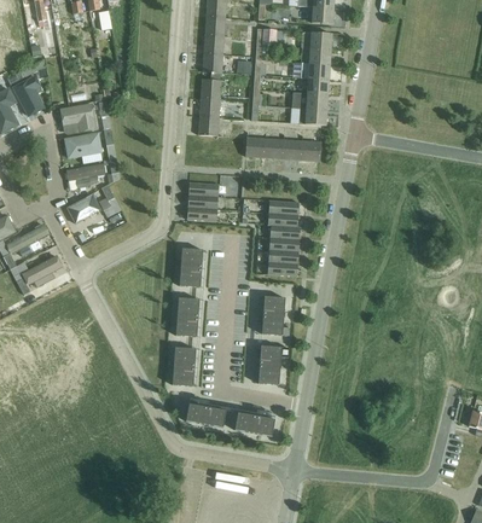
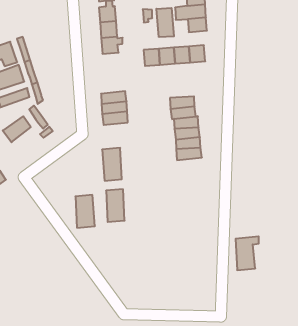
building: none -> [156,8,174,37]
building: [261,296,290,335] -> none
building: [257,345,289,384] -> [236,236,259,270]
building: [172,347,196,385] -> [75,195,95,228]
building: [186,403,226,426] -> none
building: [234,412,274,436] -> none

